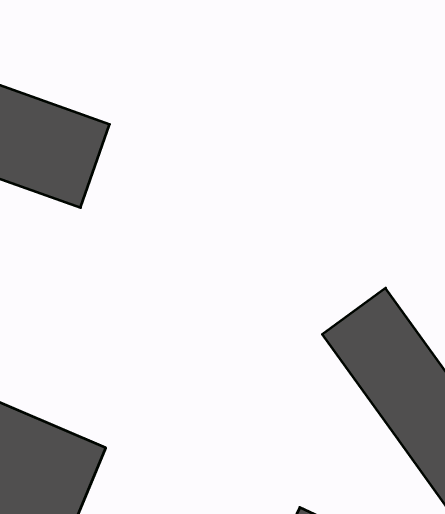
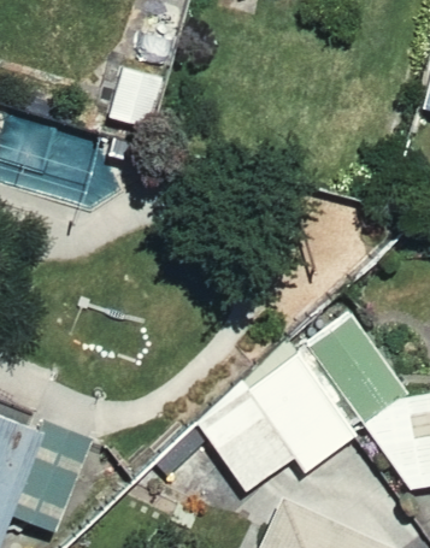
building: none -> [184,336,365,491]

